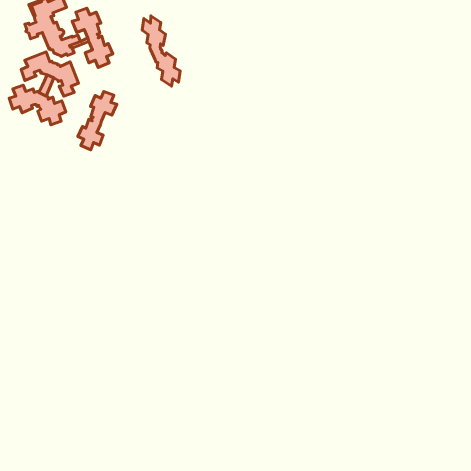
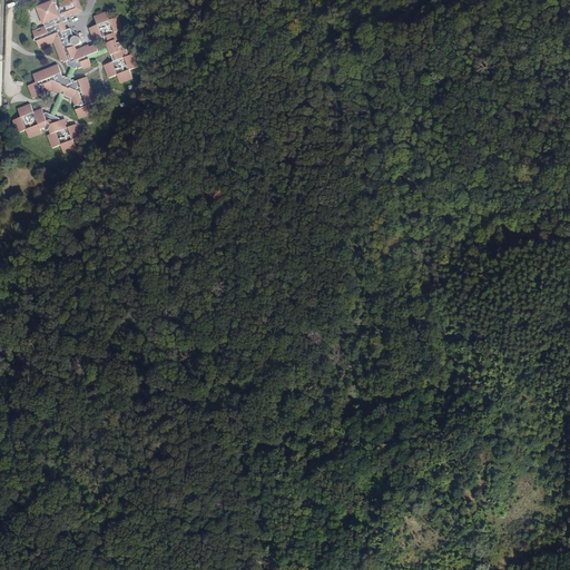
building: [142,16,180,86] -> none
building: [78,92,117,150] -> none

